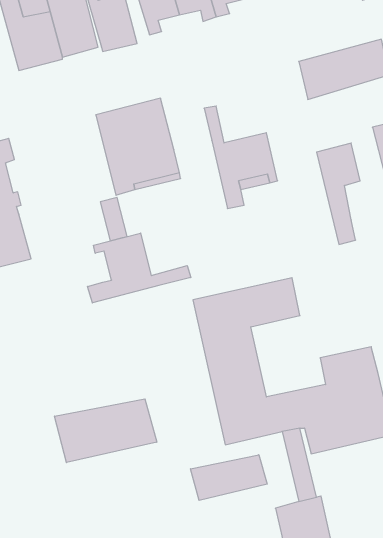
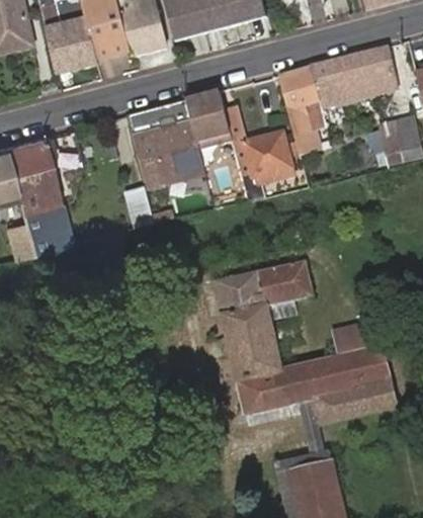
building: none -> [186,90,233,146]
building: [317,143,360,244] -> [280,66,320,158]
building: [88,233,191,303] -> none
building: [55,399,157,463] -> none
building: [191,455,267,500] -> none

